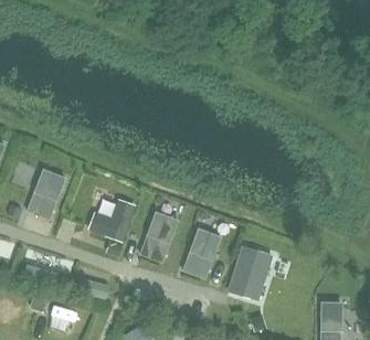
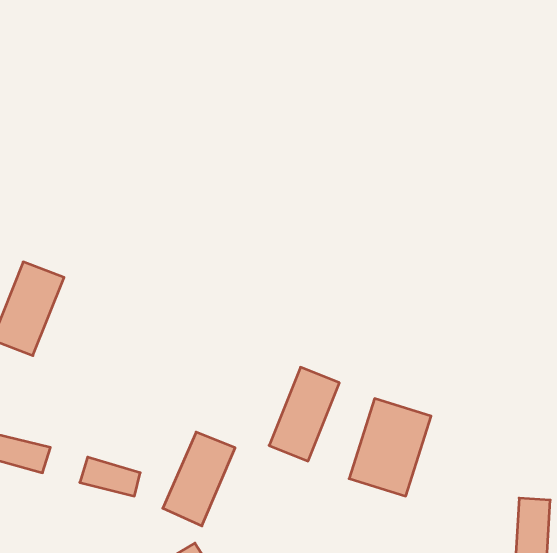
building: [93,196,135,232] -> none
building: [140,210,181,263] -> [163,432,235,526]

